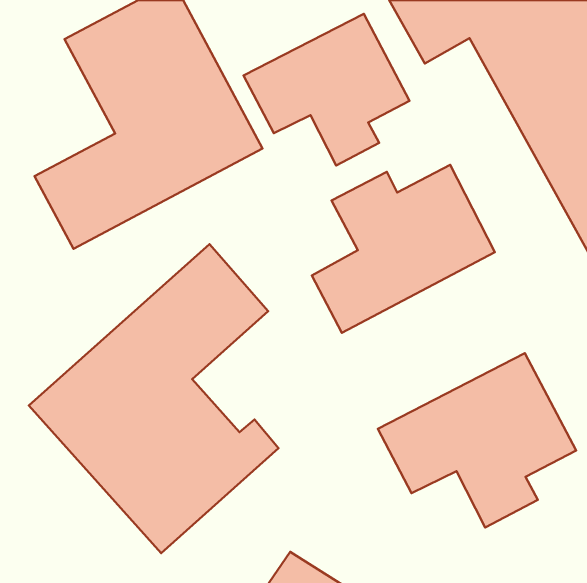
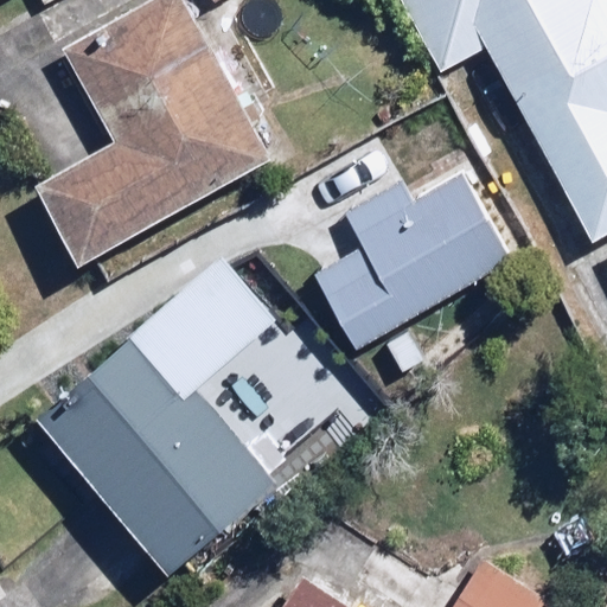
building: [244,14,410,165] -> none
building: [378,353,576,527] -> none

